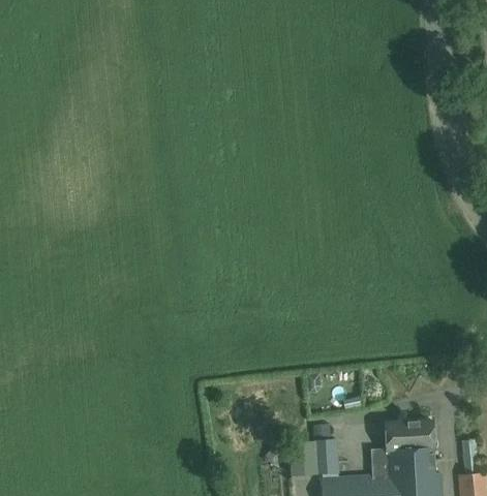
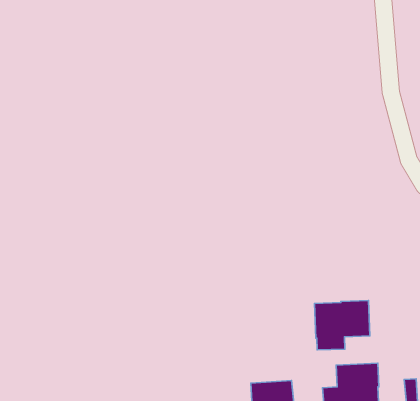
building: none -> [314,300,370,350]

